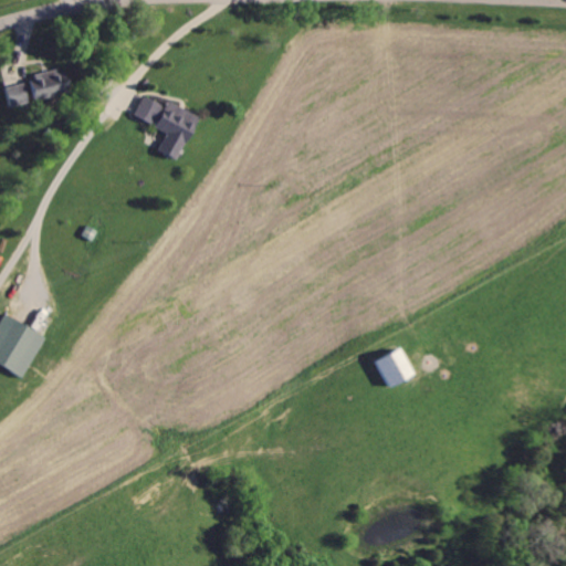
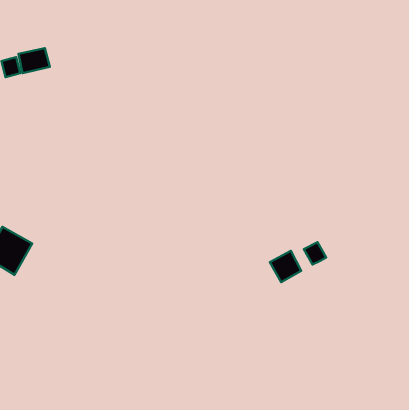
building: [134,96,202,164] -> none
building: none -> [304,242,326,265]

